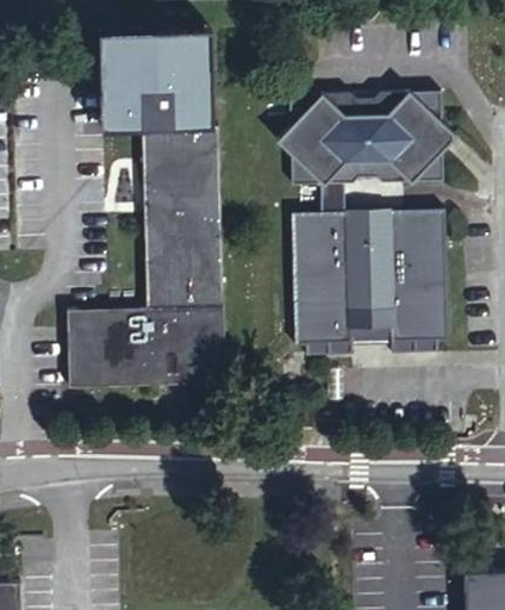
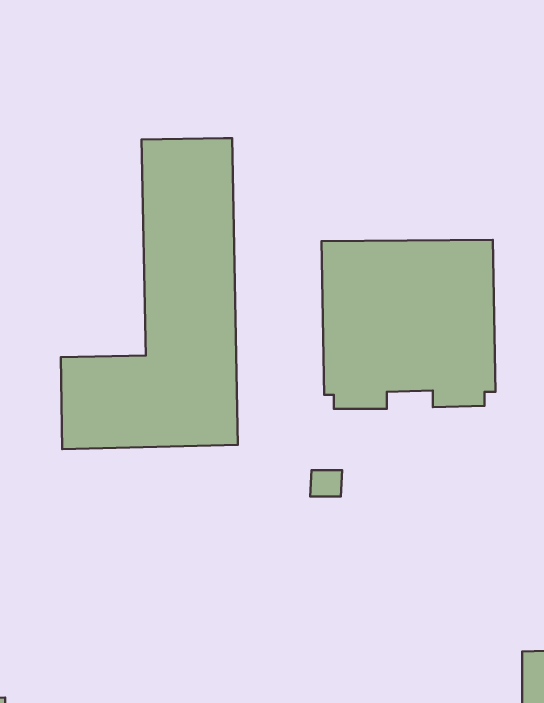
building: [101,26,211,125] -> none
building: [278,86,456,186] -> none

